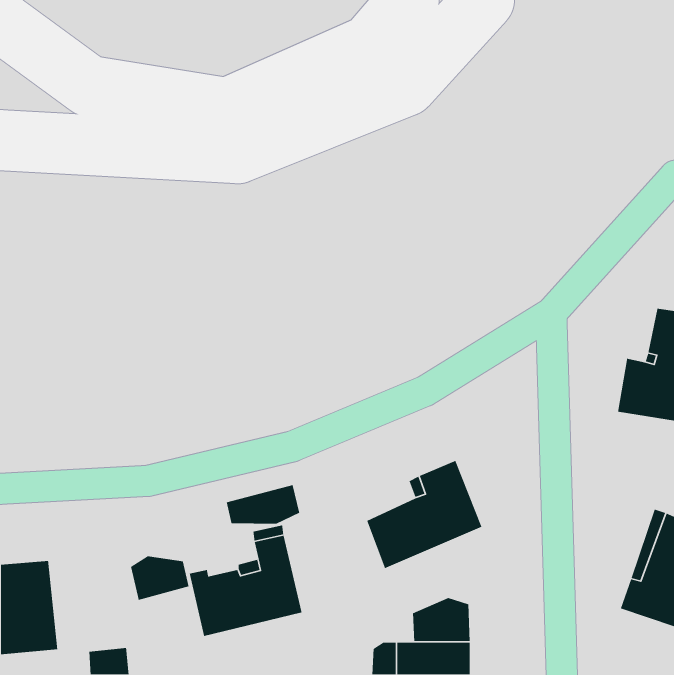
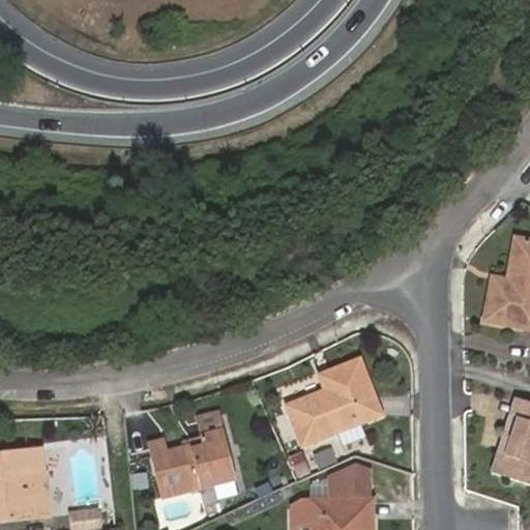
building: [226,484,300,525] -> none
building: [130,556,189,601] -> none

